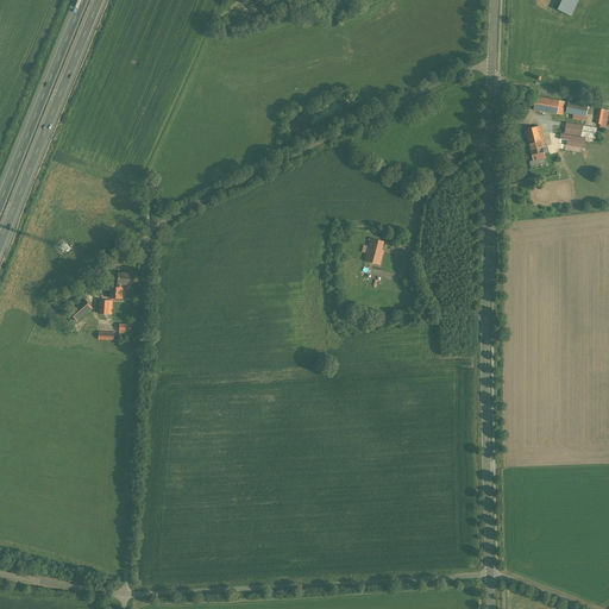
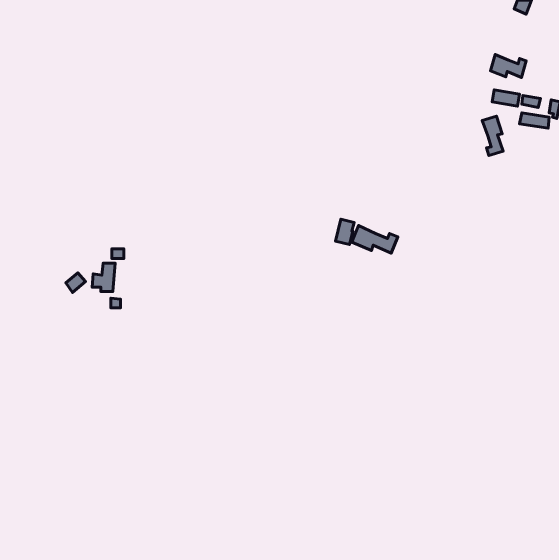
building: none -> [490,54,526,77]
building: none -> [352,226,398,253]

